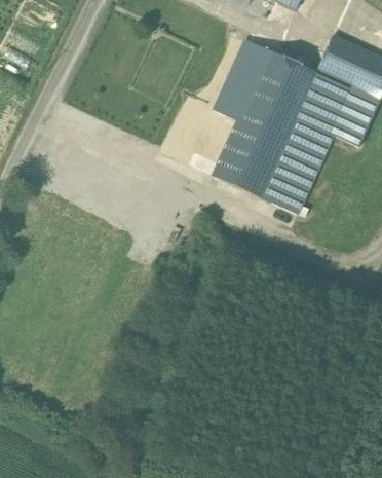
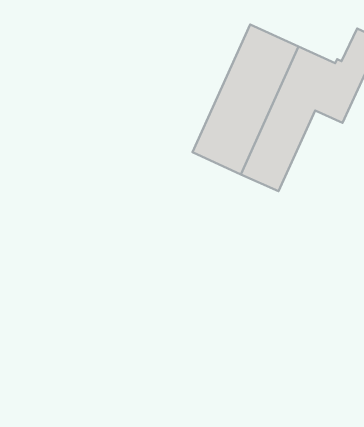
building: [318,35,374,85] -> none
building: [215,39,269,120] -> none

